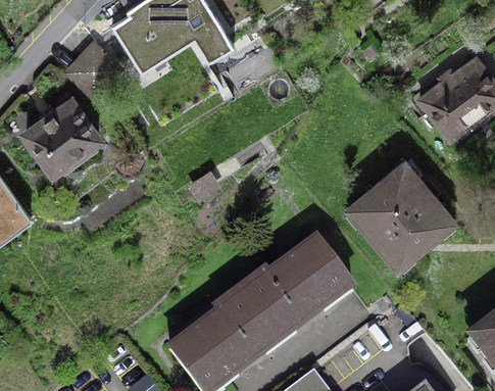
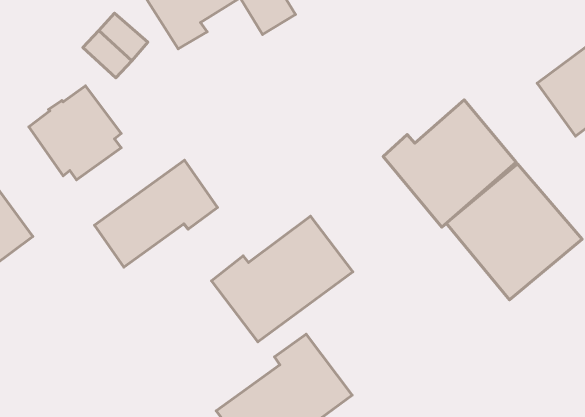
building: none -> [383,100,516,227]
building: none -> [94,160,218,267]
building: [241,242,350,339] -> [211,216,353,342]

